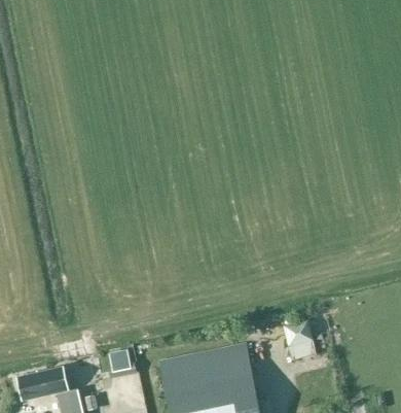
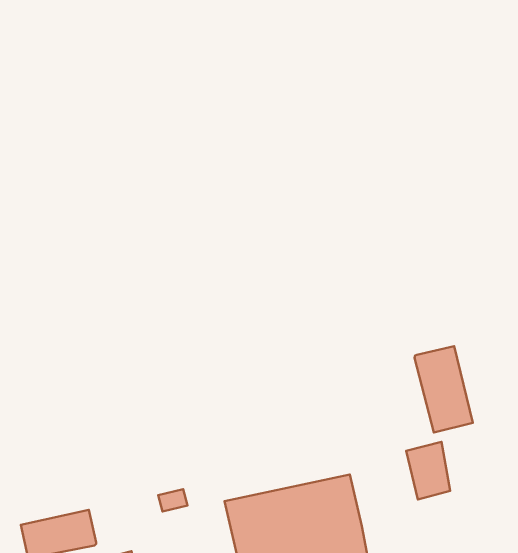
building: none -> [414,346,473,432]

